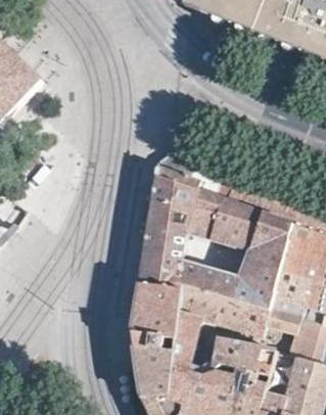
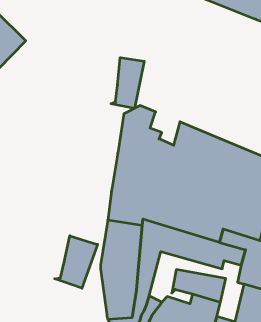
building: none -> [111,58,144,108]
building: none -> [55,236,98,288]

